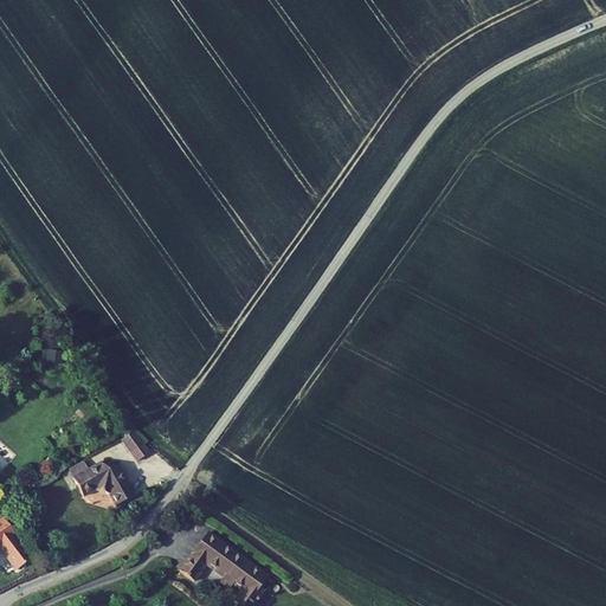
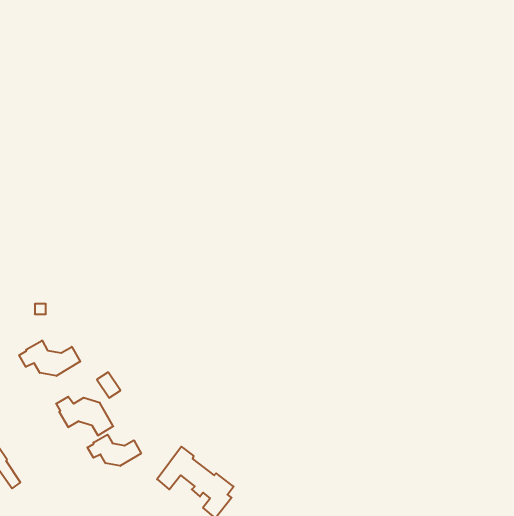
building: none -> [19,340,80,376]
building: none -> [87,435,141,466]

